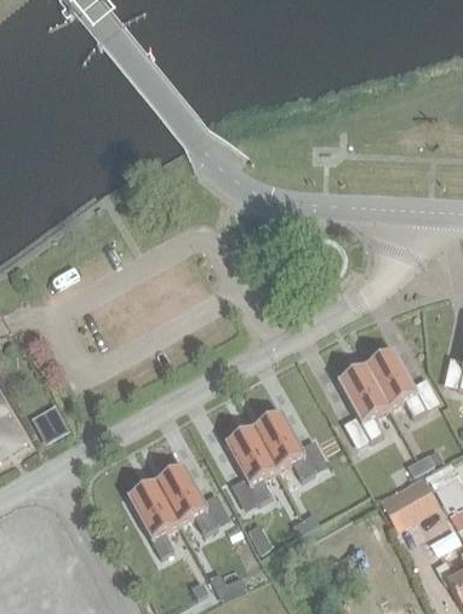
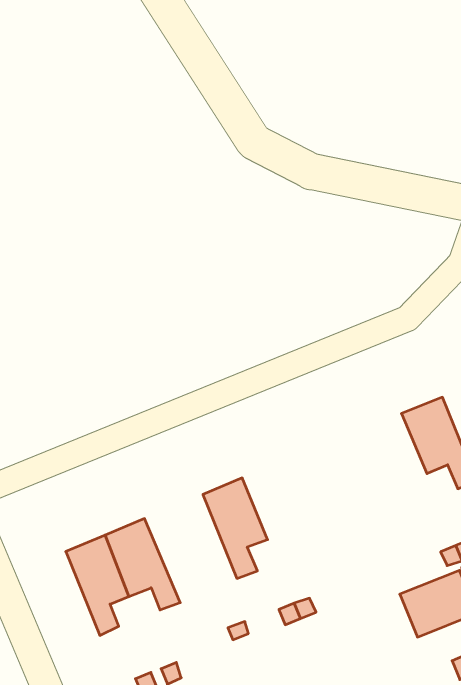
building: [336,365,388,440] -> none
building: [251,411,313,477] -> none

